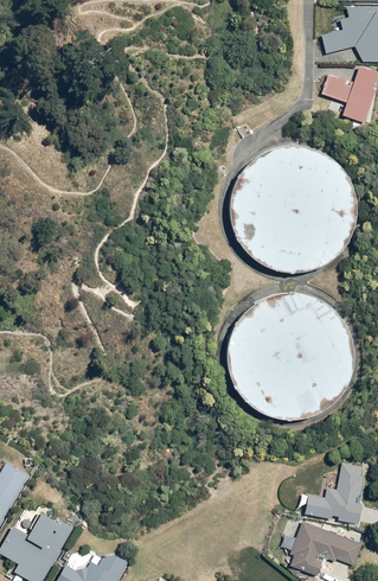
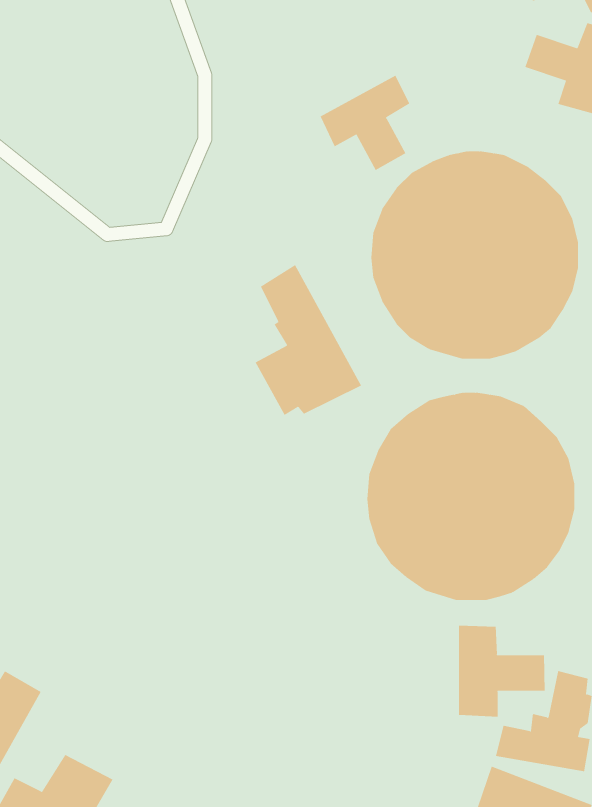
building: none -> [320,75,410,171]
building: none -> [255,264,362,416]
building: none -> [458,625,545,717]

